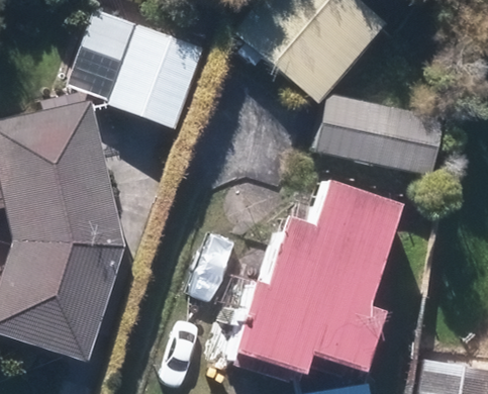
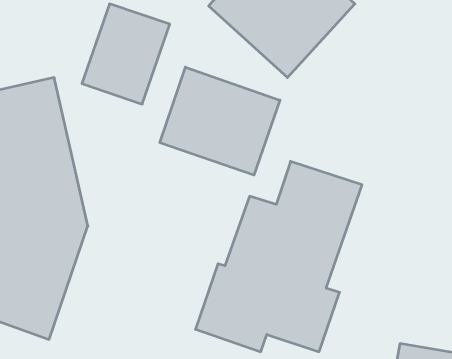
building: none -> [160,67,280,175]
building: [320,97,443,175] -> none

